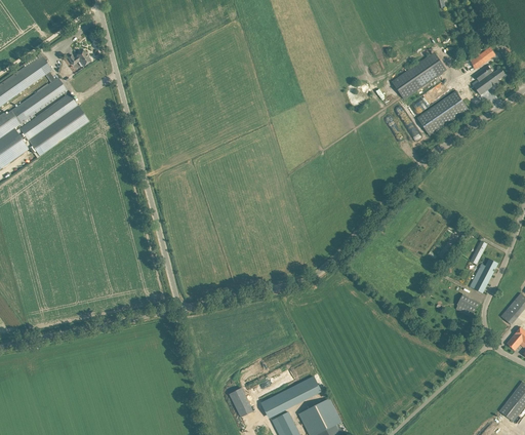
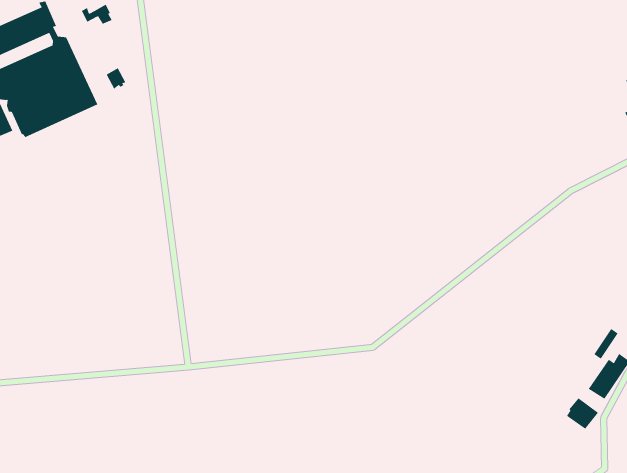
building: [391,51,446,98] -> none
building: [416,90,468,135] -> none

